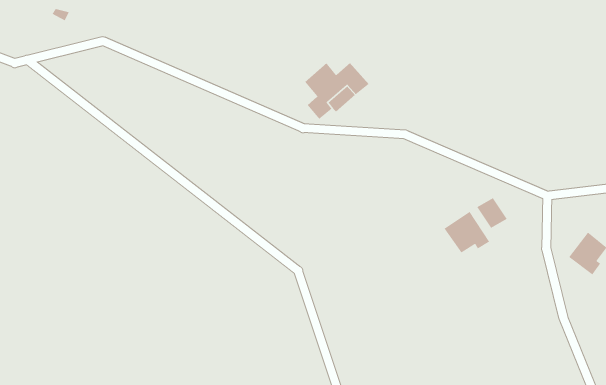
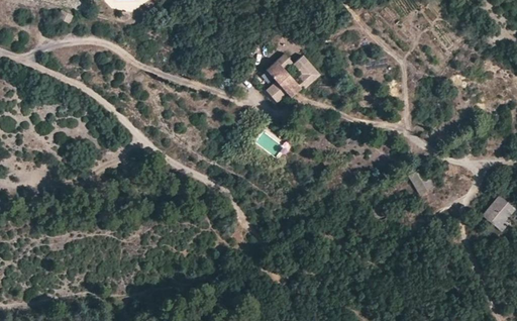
building: [443,211,490,254] -> none

